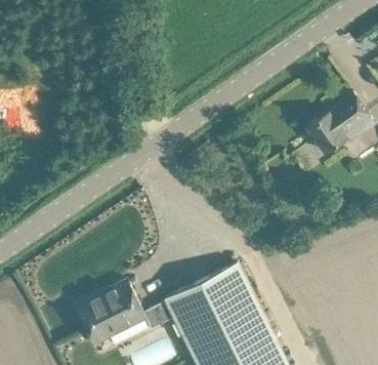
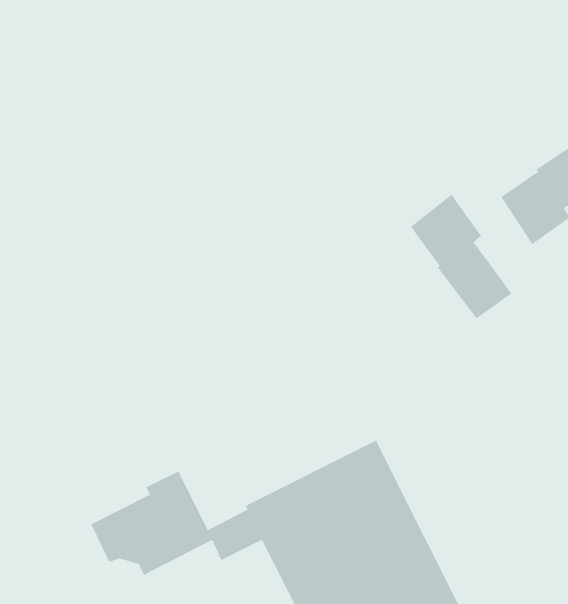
building: none -> [410,194,512,319]

